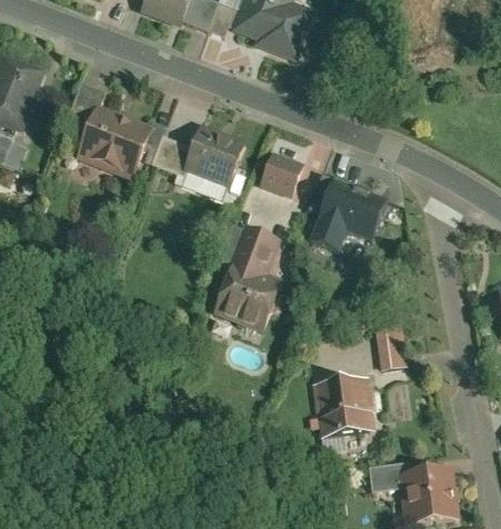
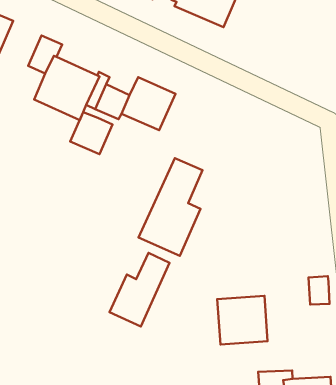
building: [264,145,304,187] -> none
building: none -> [70,112,113,154]
building: [318,176,389,239] -> none
building: none -> [109,253,170,326]
building: [378,341,405,376] -> [308,276,330,304]

